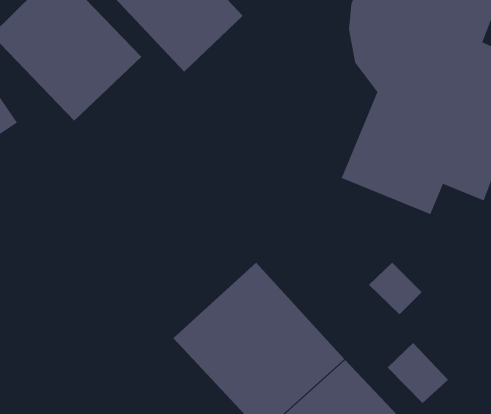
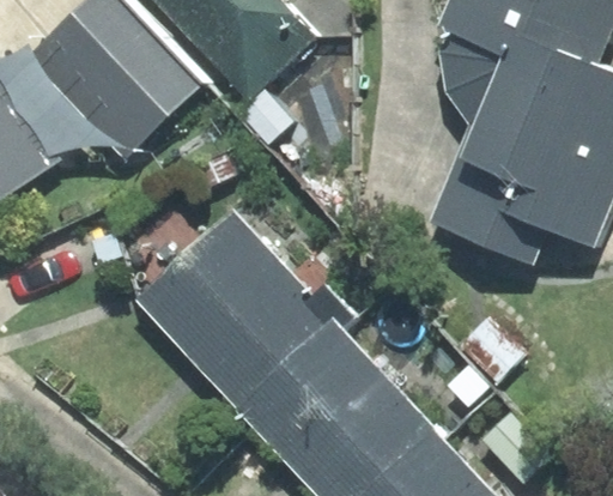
building: none -> [136,211,333,406]

